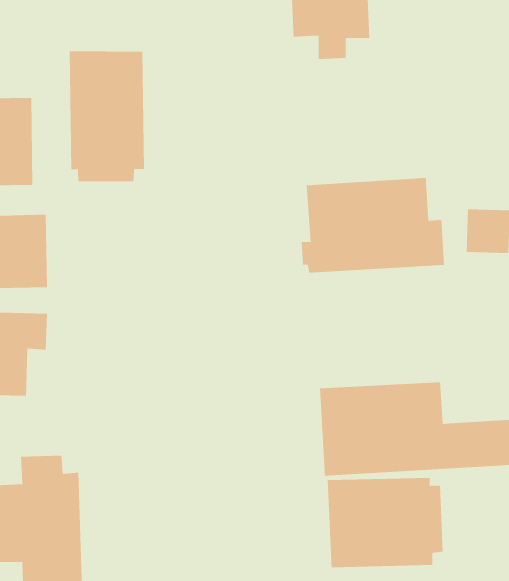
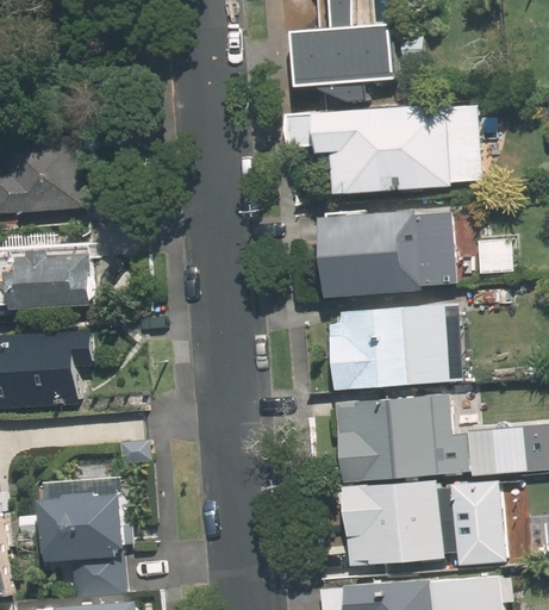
building: [69,50,144,182] -> none
building: none -> [280,105,480,193]
building: none -> [326,307,449,386]
building: none -> [449,479,503,565]

